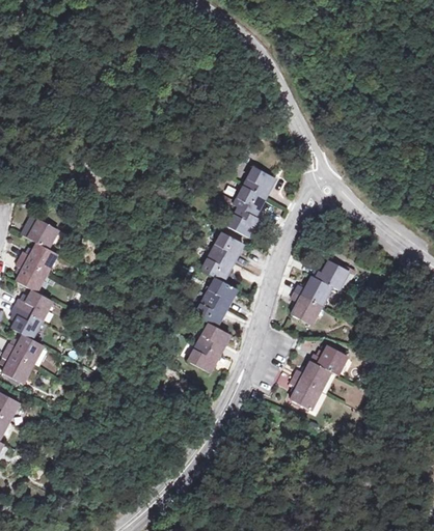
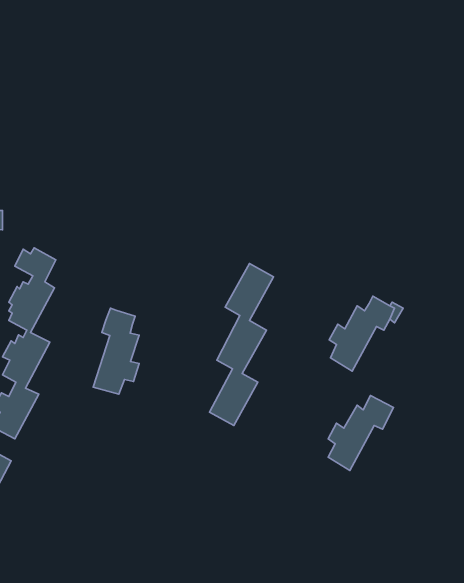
building: [228,166,276,236] -> none
building: none -> [93,308,139,394]

